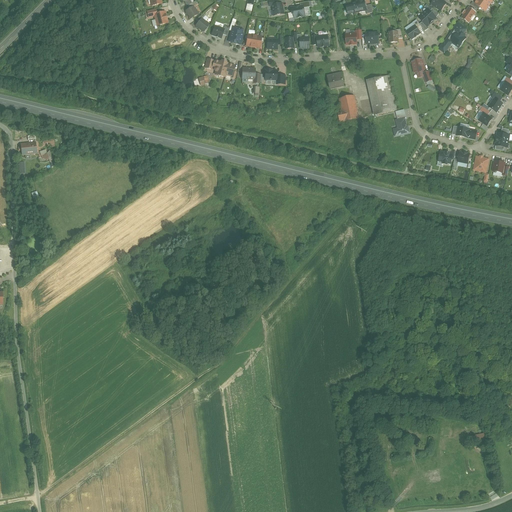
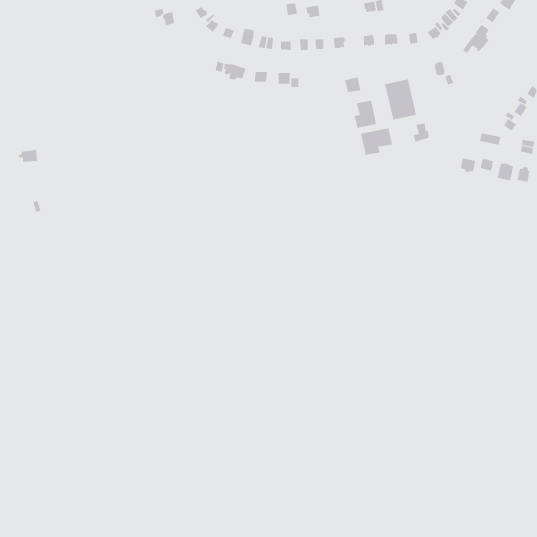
building: none -> [361,128,393,156]

